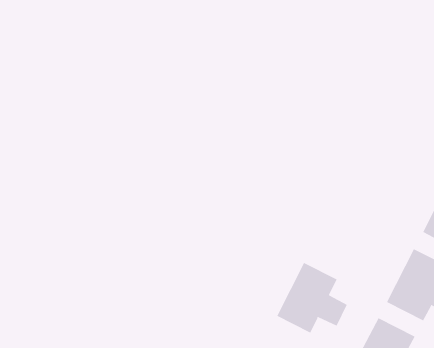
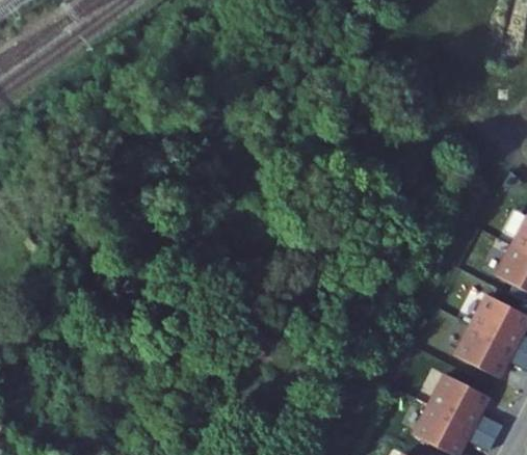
building: [277,262,348,333] -> none

